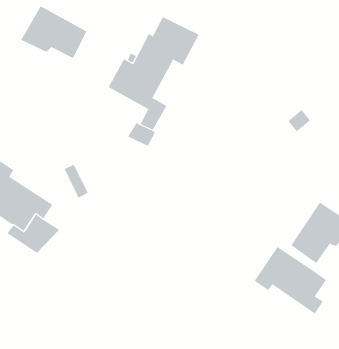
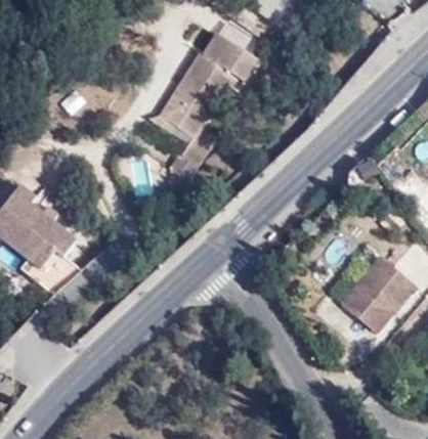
building: [21,5,87,59] -> none
building: [254,246,327,314] -> none

